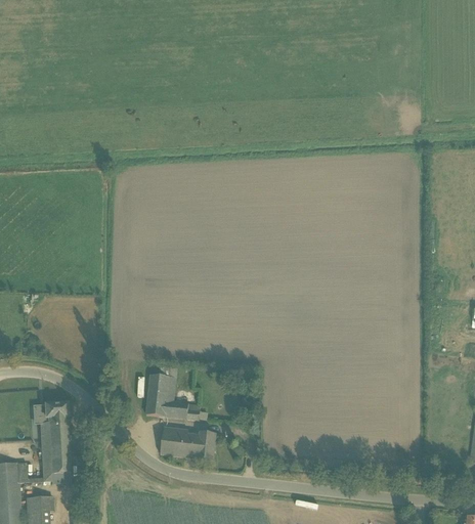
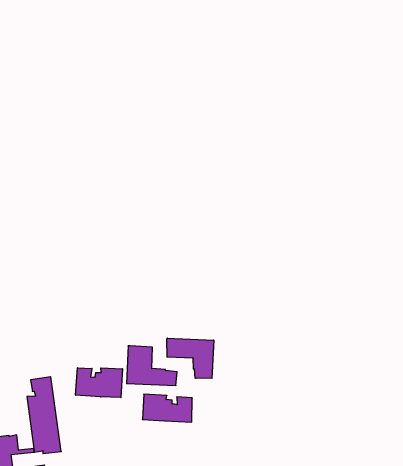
building: none -> [167,338,214,378]
building: none -> [76,368,122,398]

